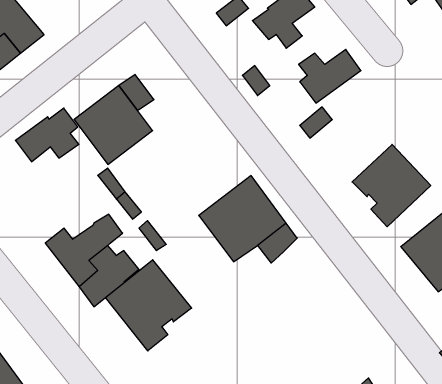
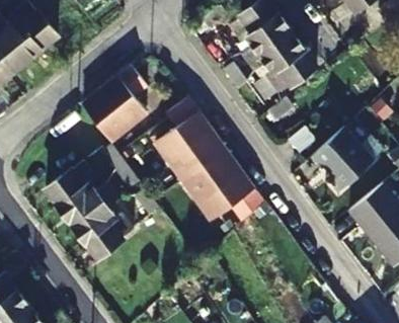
building: none -> [243,16,305,72]
building: [15,108,79,162] -> [48,164,99,208]
building: none -> [156,100,228,185]
building: [105,260,192,351] -> none

